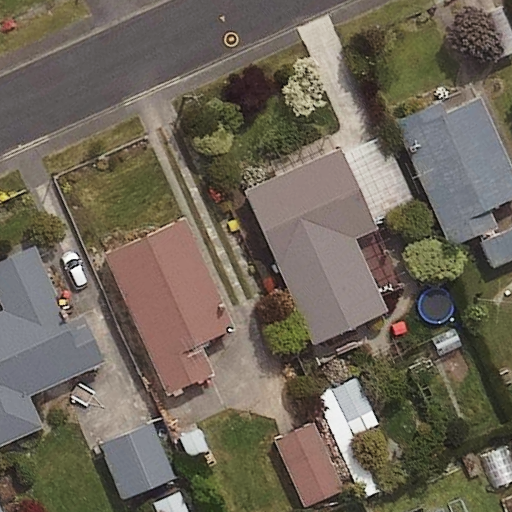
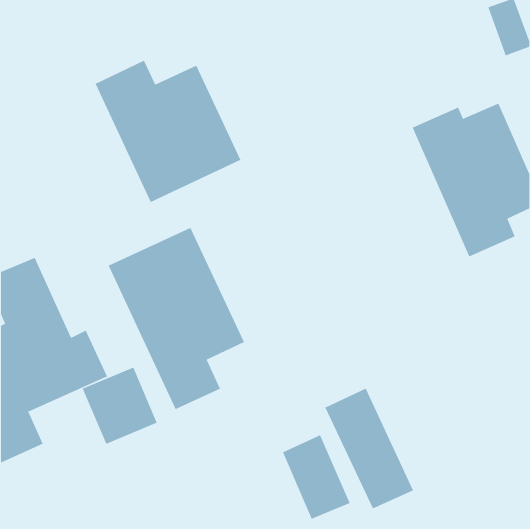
building: none -> [95,60,241,203]
building: [245,149,387,345] -> none
building: [95,418,168,493] -> [82,367,158,445]

